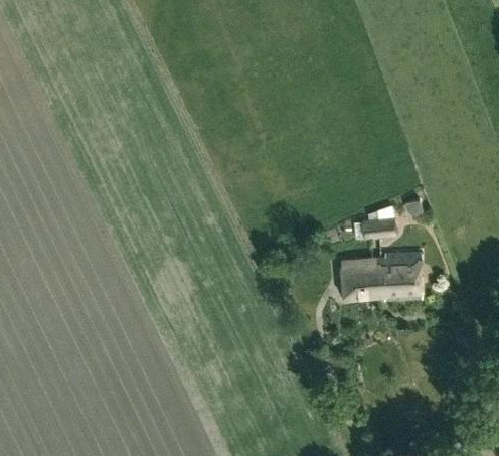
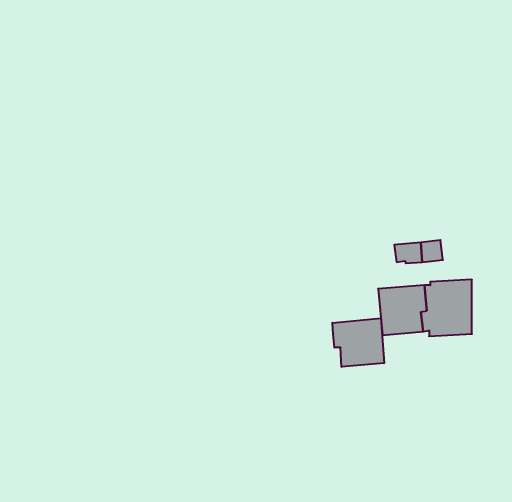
building: none -> [332,318,384,367]

